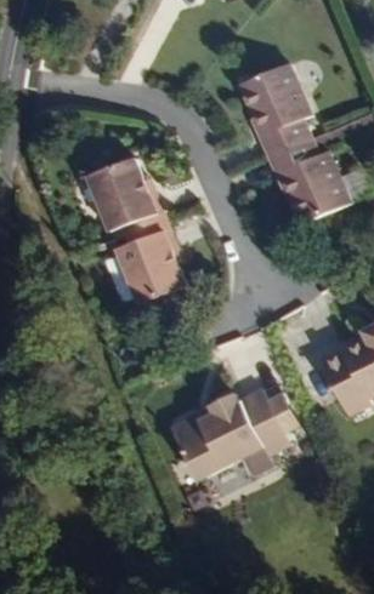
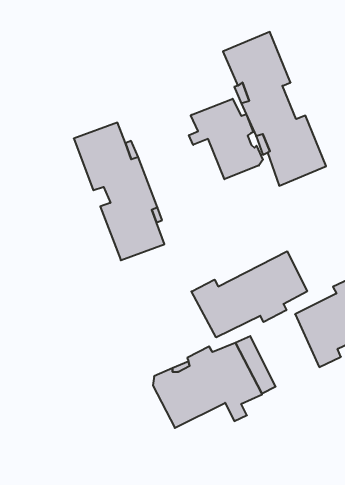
building: none -> [189,99,263,179]
building: none -> [191,251,307,337]

